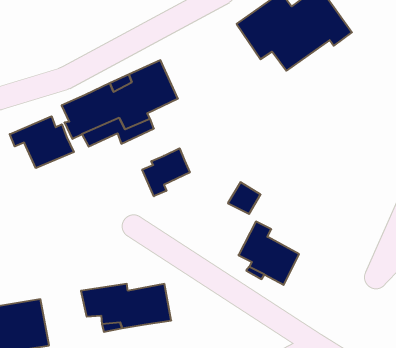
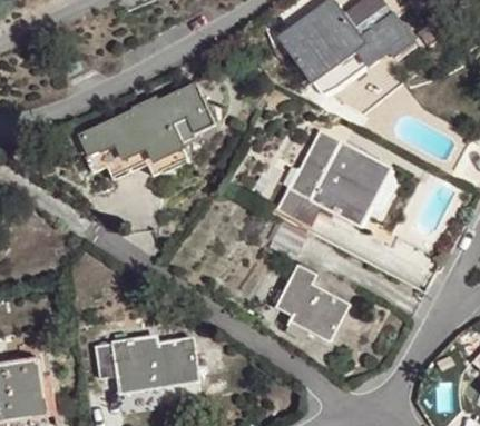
building: none -> [274,130,384,228]
building: [10,116,74,168] -> none
building: [142,148,190,196] -> none

